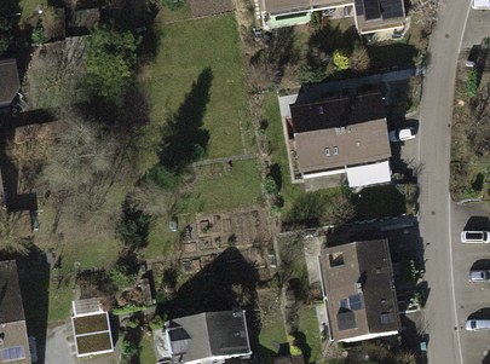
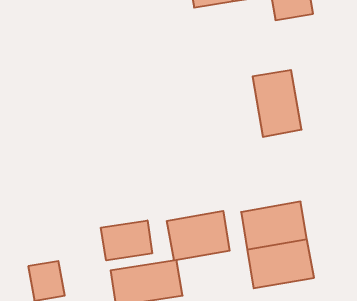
building: [287,96,344,173] -> none
building: none -> [167,211,230,260]
building: none -> [101,220,152,260]

